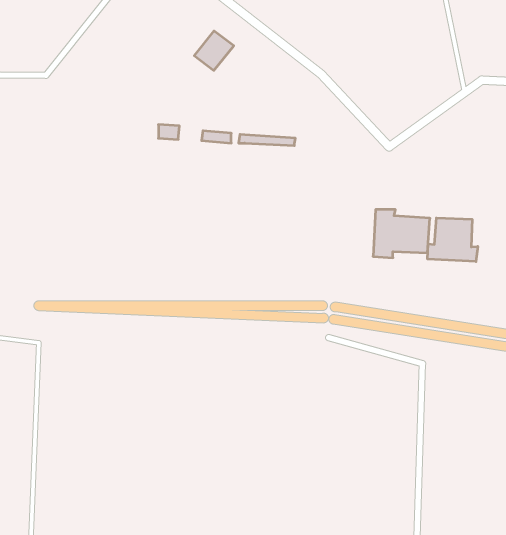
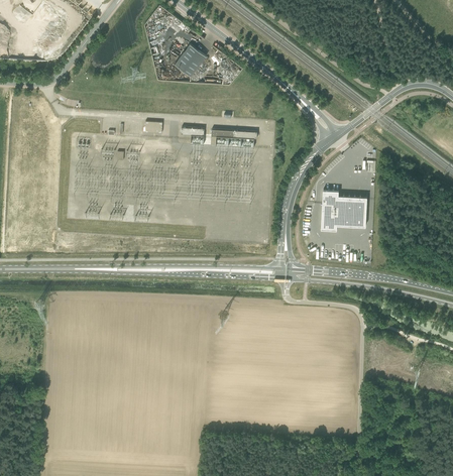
building: [428,218,478,262] -> none

